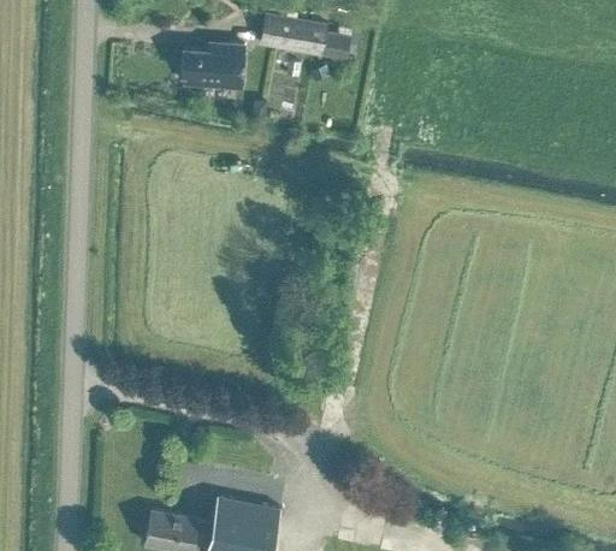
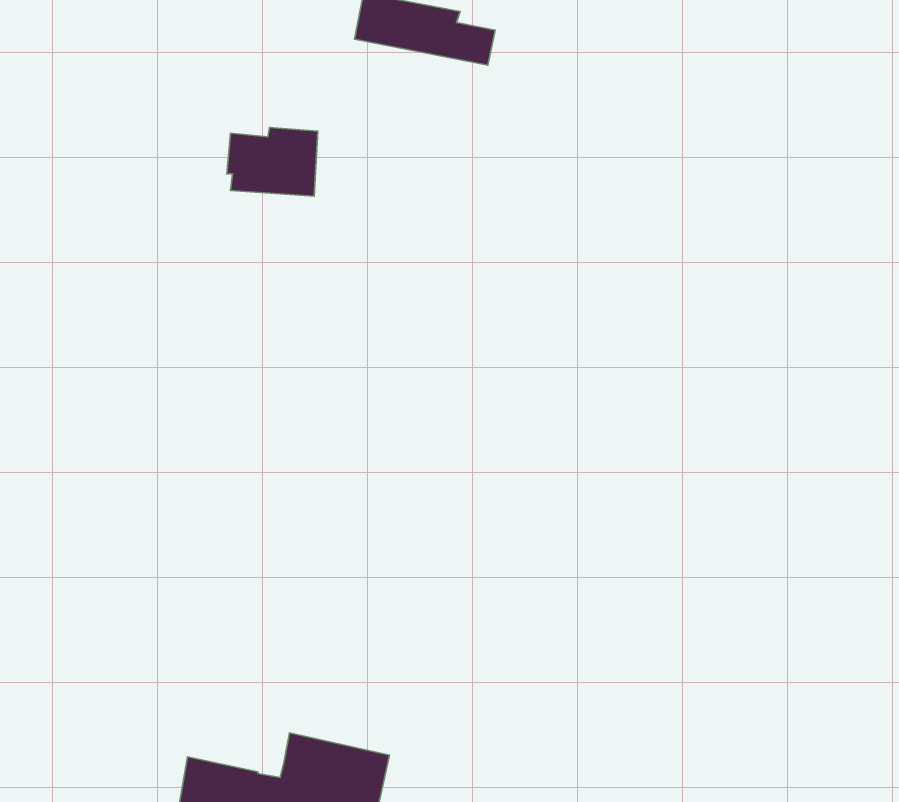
building: [182,46,241,90] -> [227,128,318,196]

